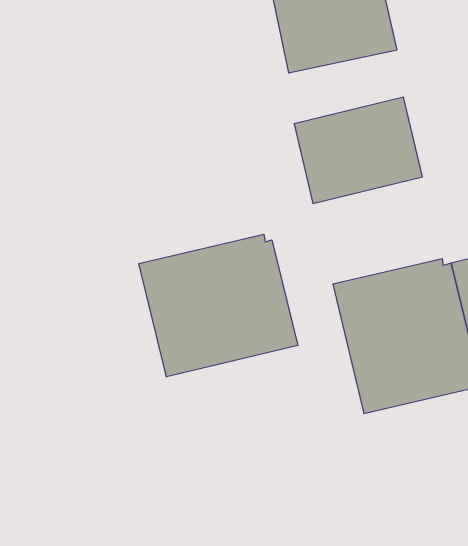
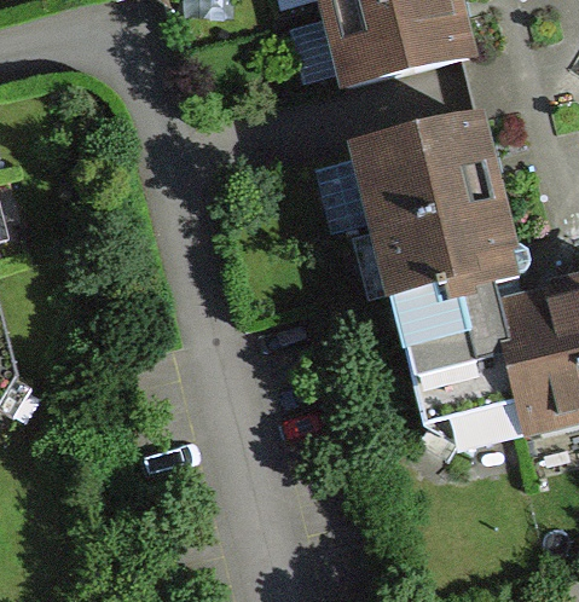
building: none -> [375,196,516,313]
building: [139,234,298,377] -> none

